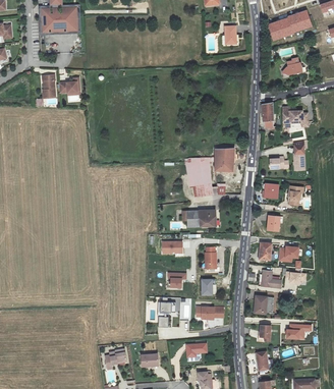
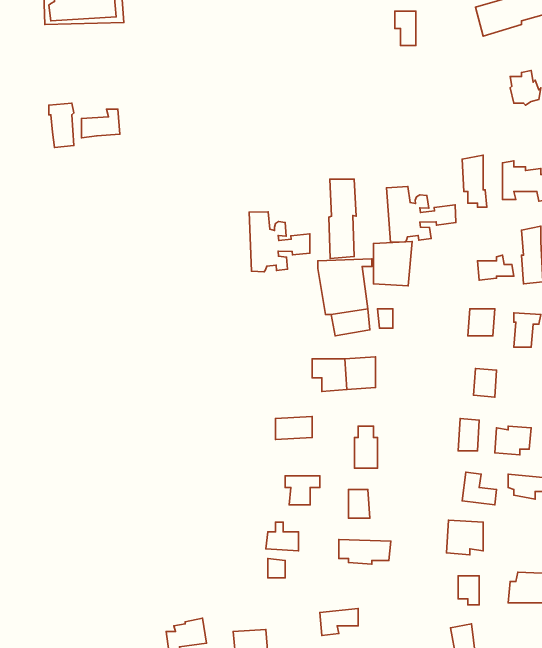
building: none -> [329,179,356,258]
building: none -> [386,187,456,242]
building: none -> [249,212,310,272]

